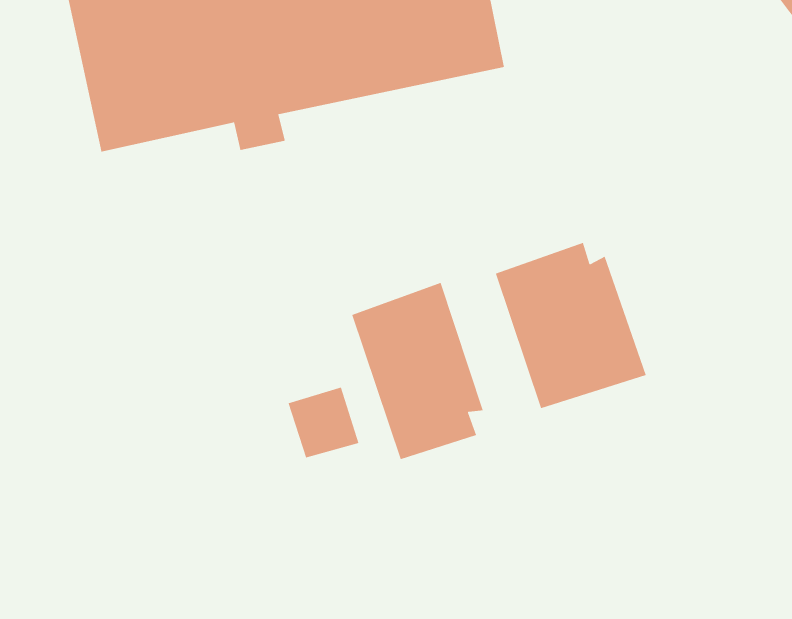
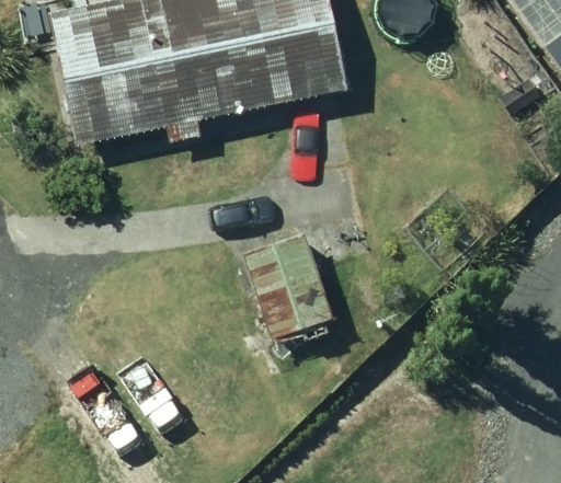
building: [495,242,647,409] -> none

